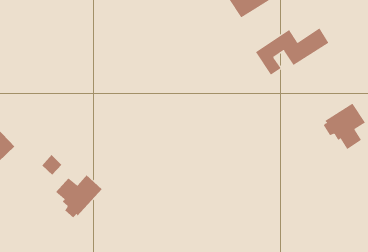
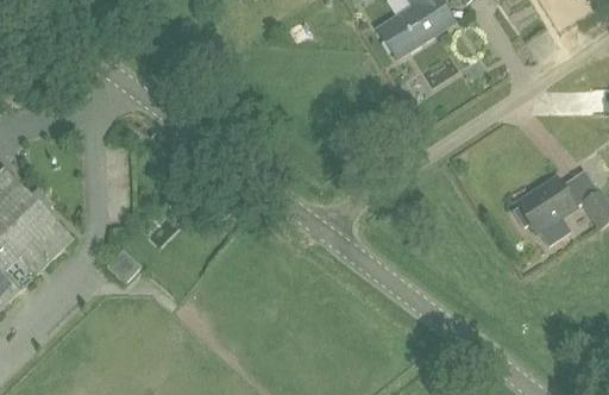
building: [255,28,329,76] -> none
building: [55,174,102,218] -> none

